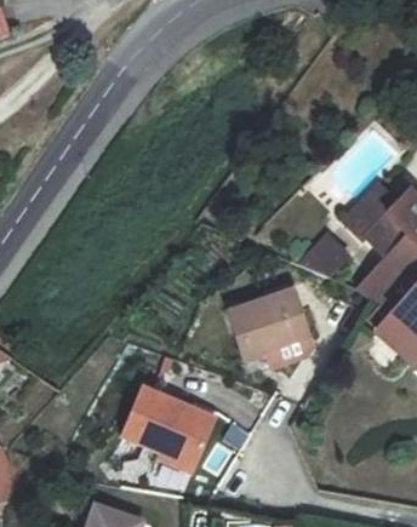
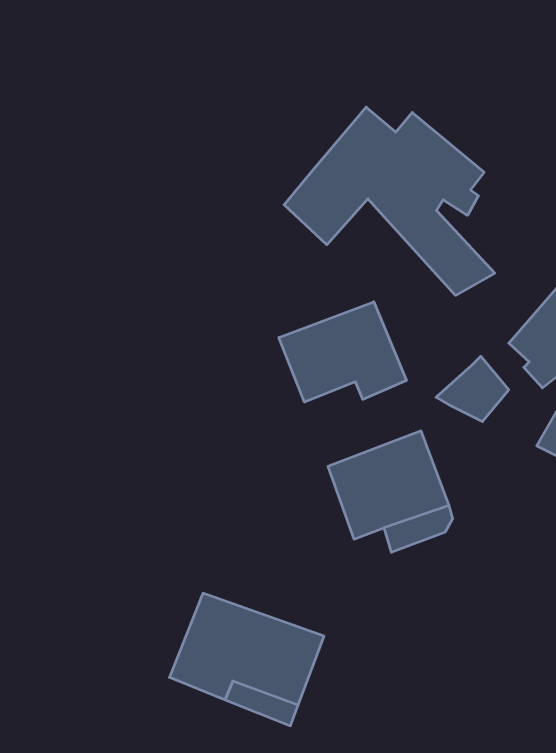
building: none -> [284,107,495,295]
building: none -> [279,302,406,402]

